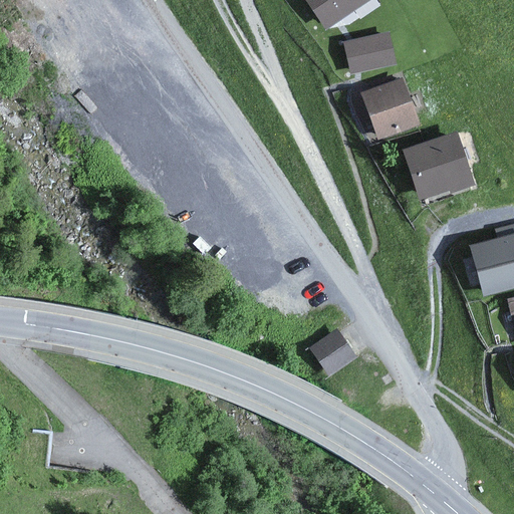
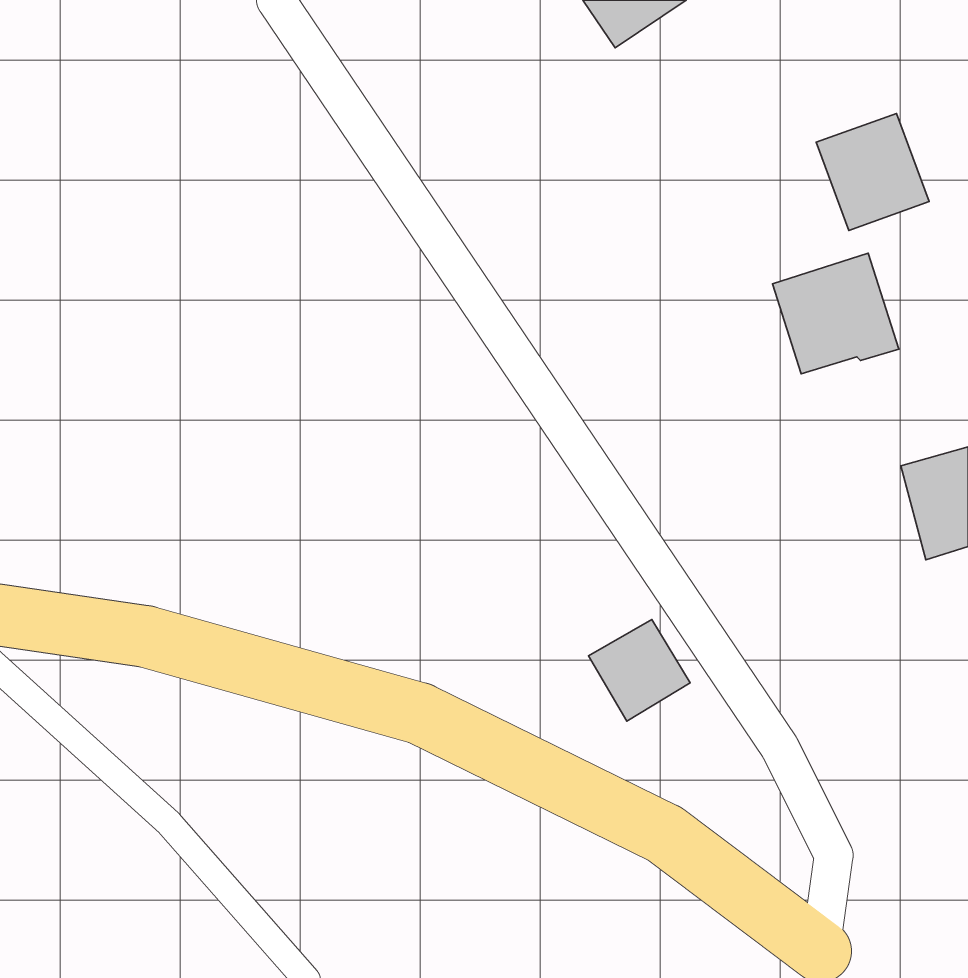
building: [344,31,395,71] -> none
building: [360,77,420,139] -> [816,113,929,230]

